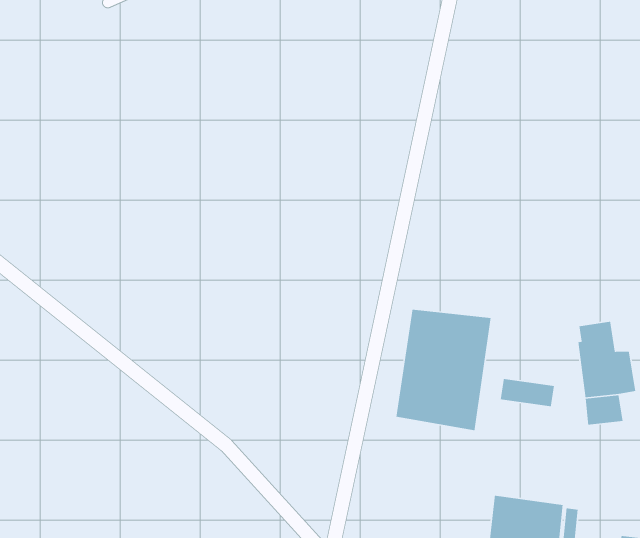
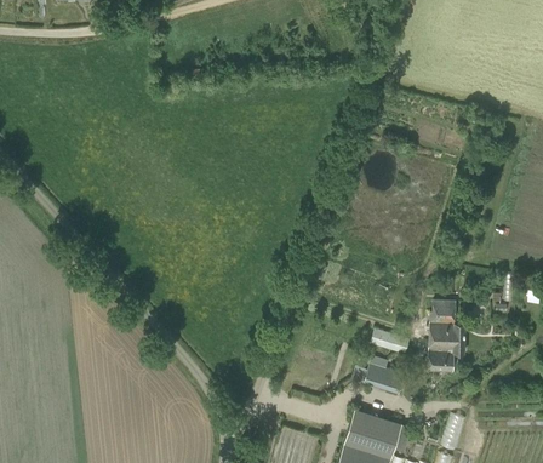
building: [396,309,491,431] -> none
building: none -> [362,355,404,393]

